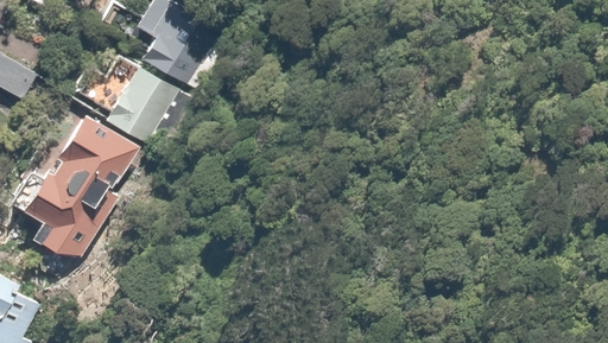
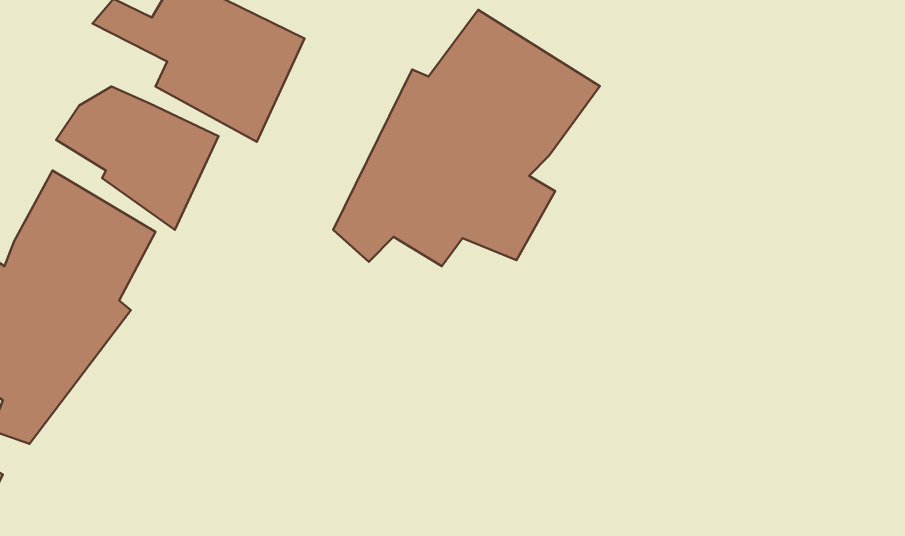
building: none -> [333,10,600,266]

